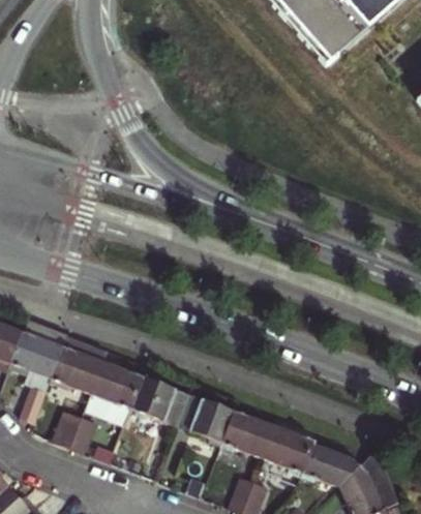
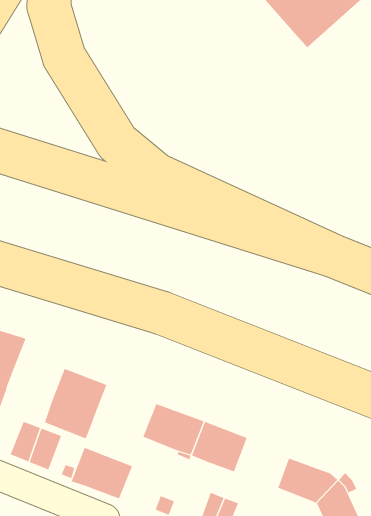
building: [49,332,107,392] -> none
building: [130,375,188,424] -> [71,447,133,499]
building: [262,425,314,472] -> none

